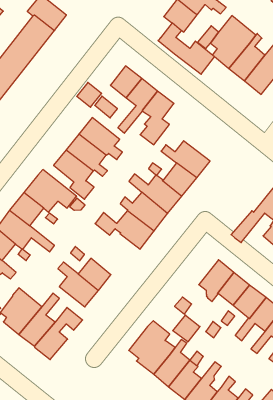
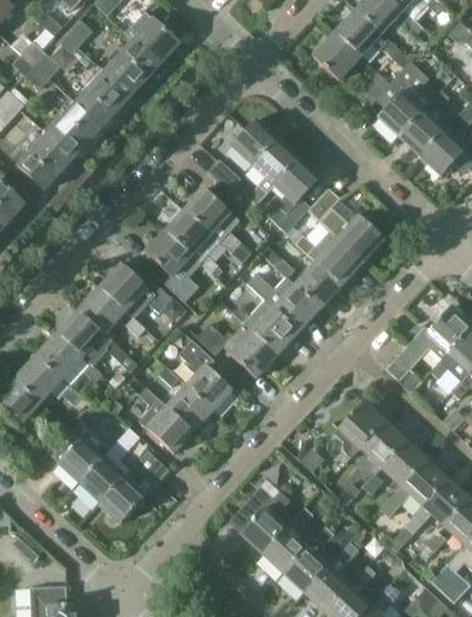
building: [158,23,215,74] -> [307,187,384,262]
building: none -> [178,340,232,410]
building: [173,315,200,342] -> none

